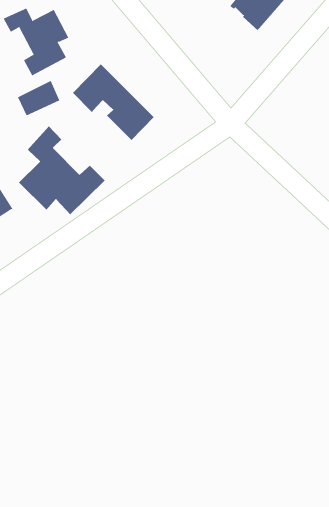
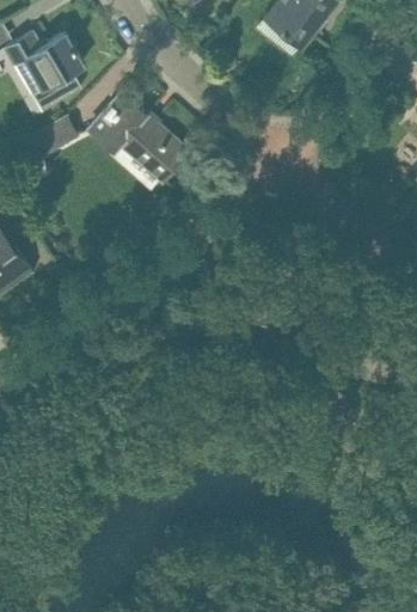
building: [18,126,105,215] -> none

